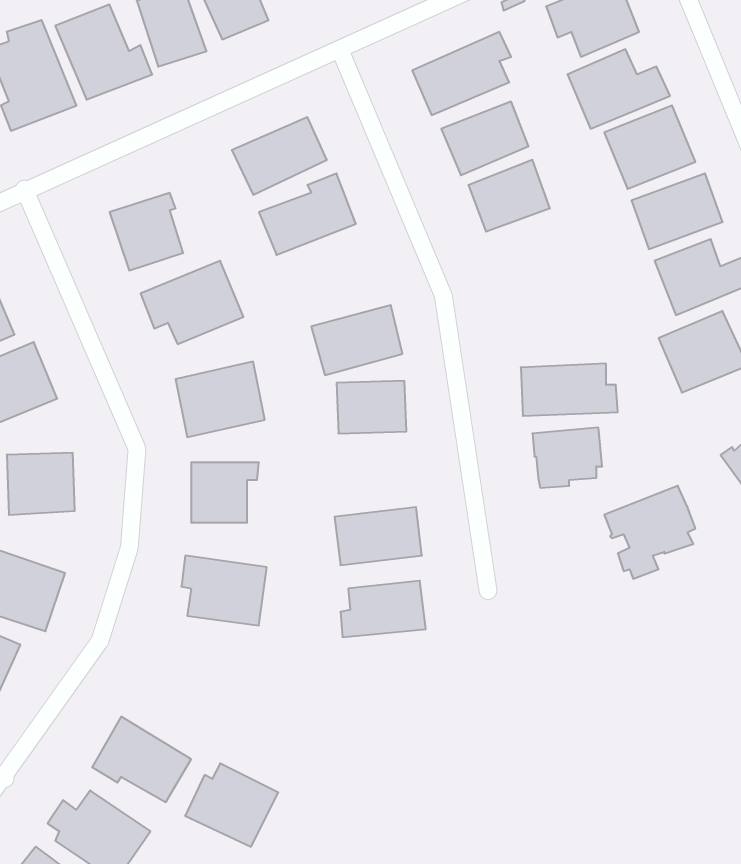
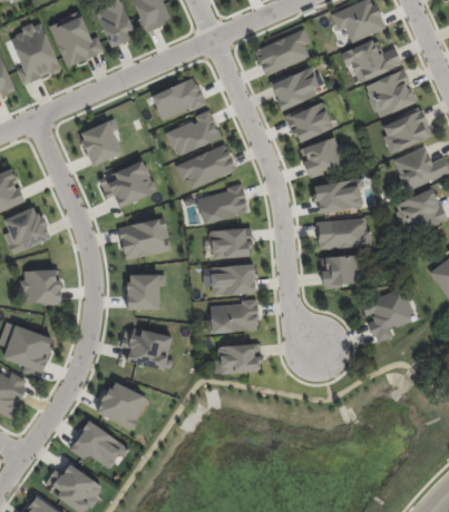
building: none -> [301,138,343,176]
building: none -> [177,144,236,190]
building: none -> [313,179,362,214]
building: none -> [211,265,255,294]
building: [185,763,278,847] -> [95,382,148,430]

